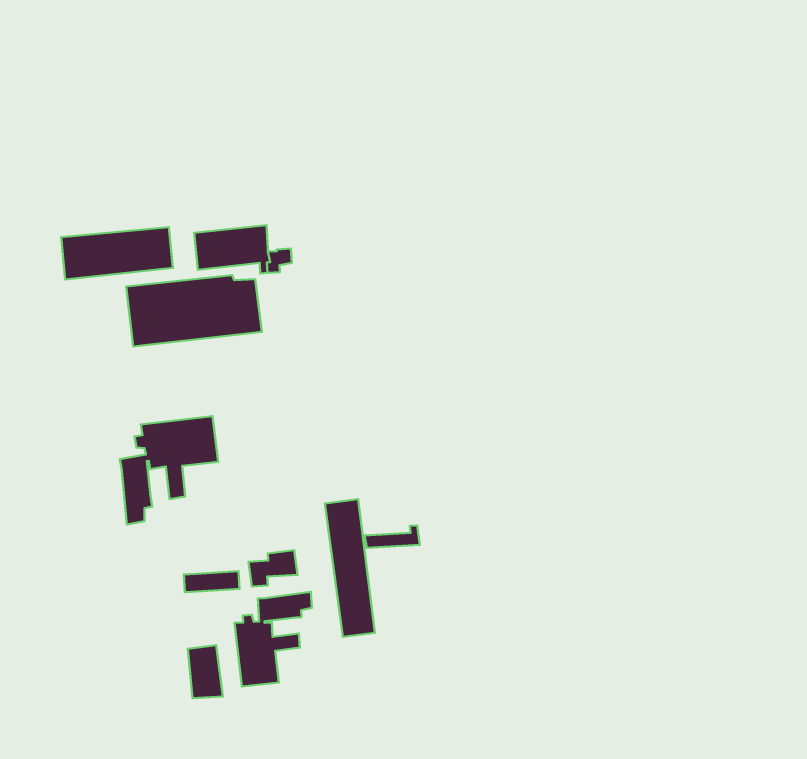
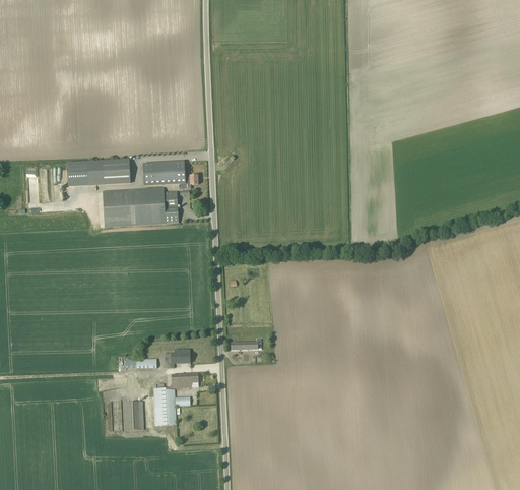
building: [120,416,218,524] -> none
building: [325,499,375,637] -> none

